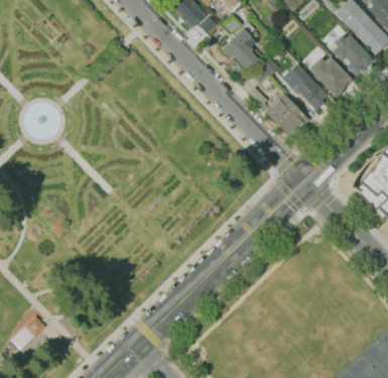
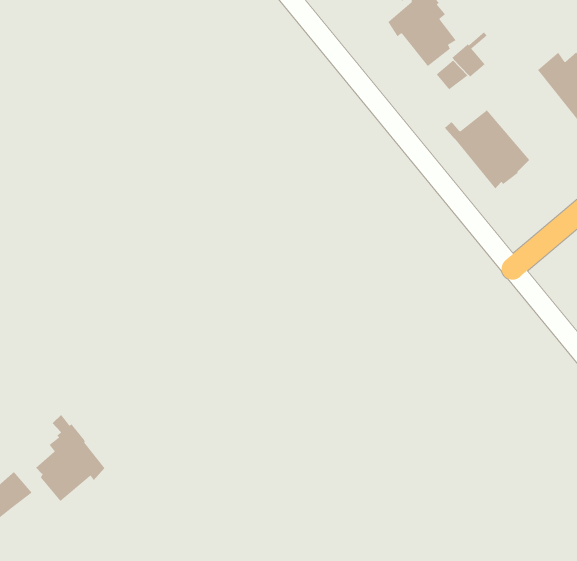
building: [281,64,327,110] -> none
building: none -> [35,414,105,502]

